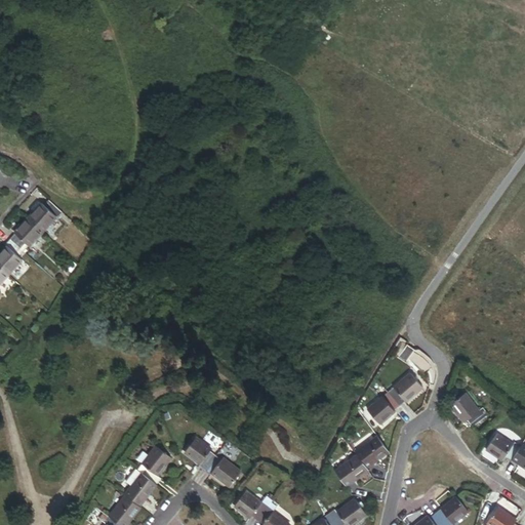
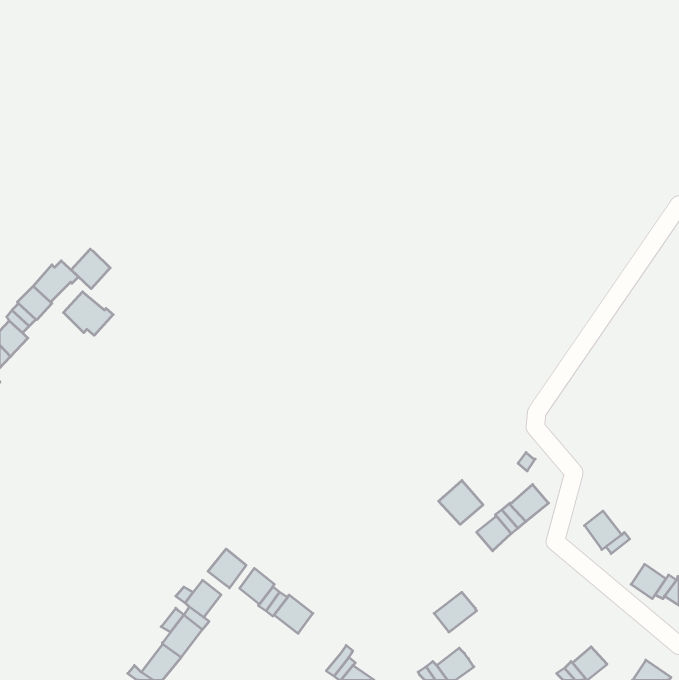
building: none -> [71,249,110,289]
building: none -> [63,292,113,335]
building: none -> [439,480,483,524]
building: none -> [208,549,246,588]
building: [355,438,388,469] -> none
building: [234,492,261,519] -> none

